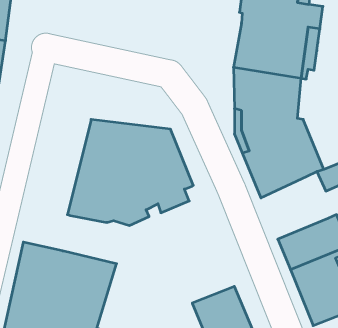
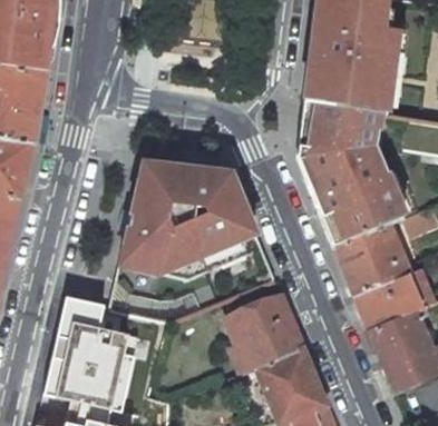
building: none -> [334,224,410,295]
building: none -> [231,294,304,374]

